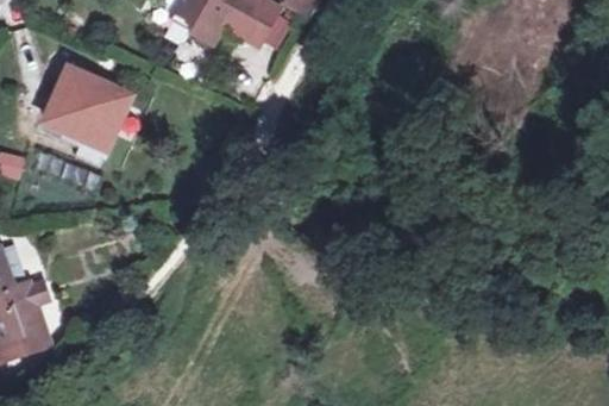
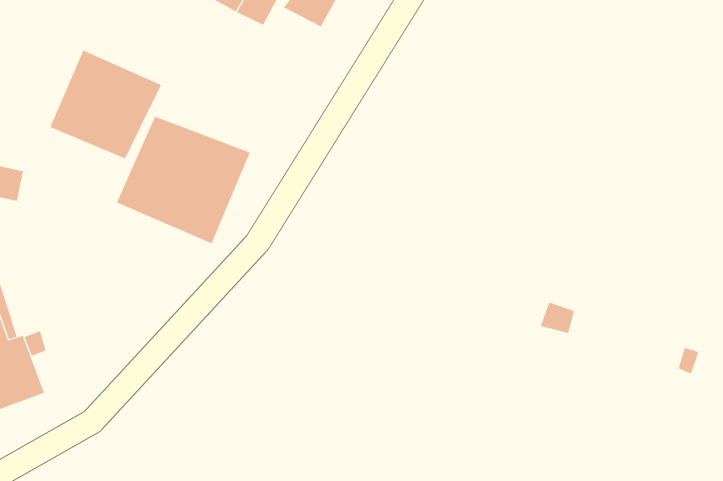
building: none -> [116,116,251,244]

